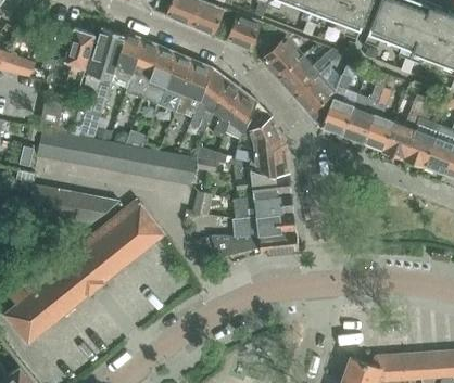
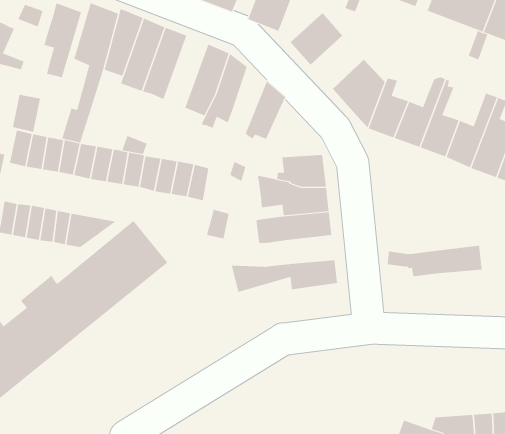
building: [160,54,194,112] -> none
building: [276,54,333,97] -> none
building: [213,79,241,140] -> none
building: [243,103,286,151] -> none
building: [219,213,295,238] -> [387,245,482,277]

